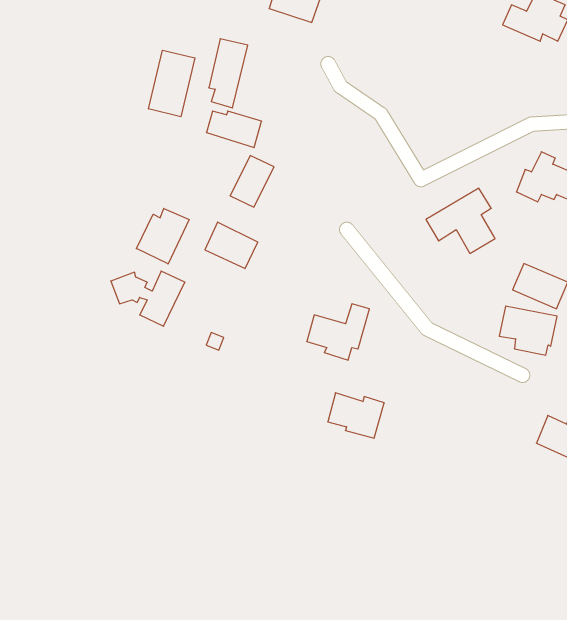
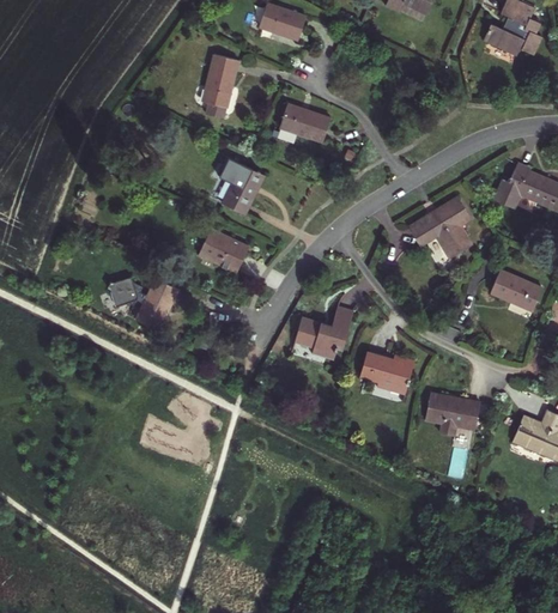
building: [149,50,195,117] -> none
building: [206,111,262,148] -> [279,108,332,142]
building: [136,208,189,264] -> none
building: [499,306,557,355] -> [424,393,479,439]
building: [328,393,384,438] -> [360,351,414,394]

